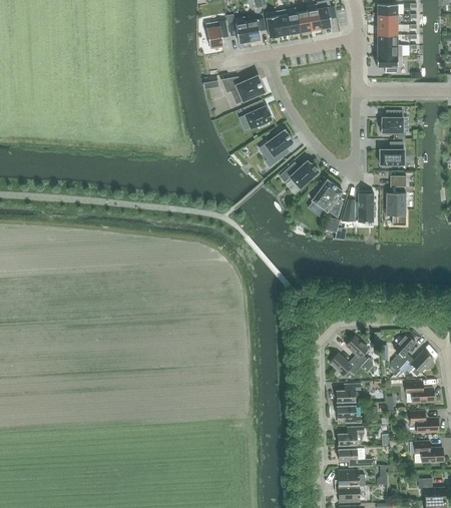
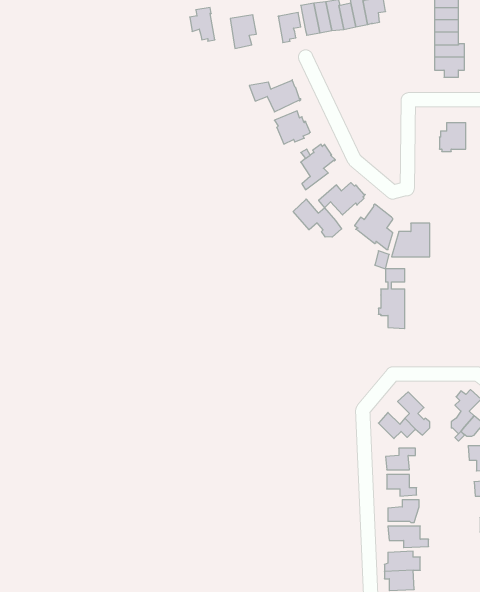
building: [229,16,250,44] -> [190,8,215,41]
building: [380,142,404,166] -> none
building: none -> [293,199,342,237]
building: [384,175,406,225] -> [378,269,405,329]

